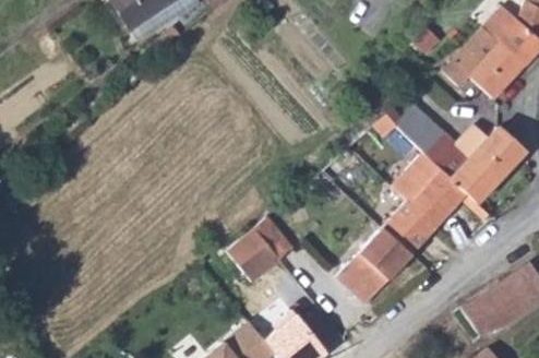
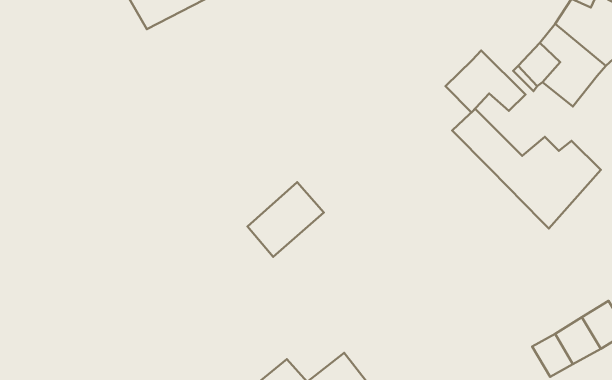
building: none -> [446,51,526,112]
building: [342,154,468,300] -> none
building: [227,227,292,291] -> [248,182,324,257]

